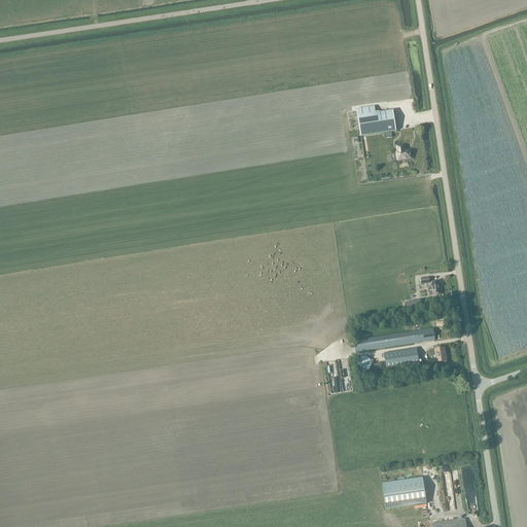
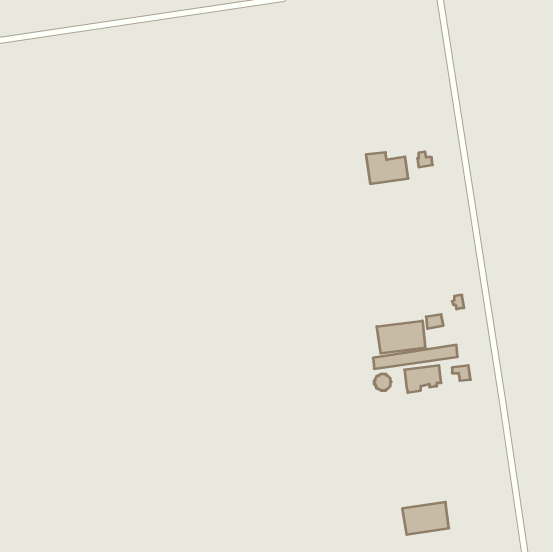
building: [357,105,397,135] -> [366,152,408,184]
building: none -> [377,321,425,353]

